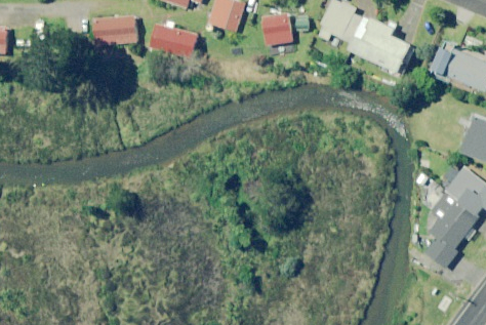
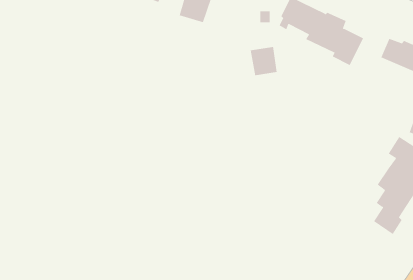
building: [260,12,291,45] -> [250,47,277,76]
building: [92,14,135,45] -> none
building: [149,24,196,57] -> none

